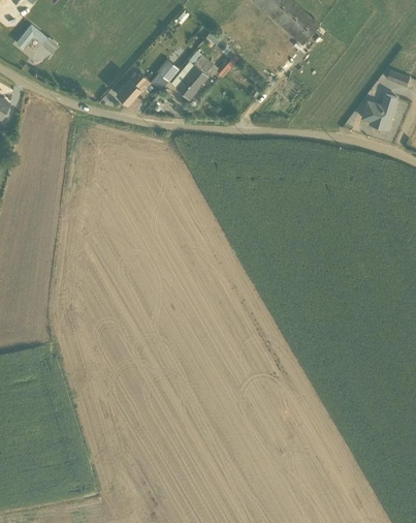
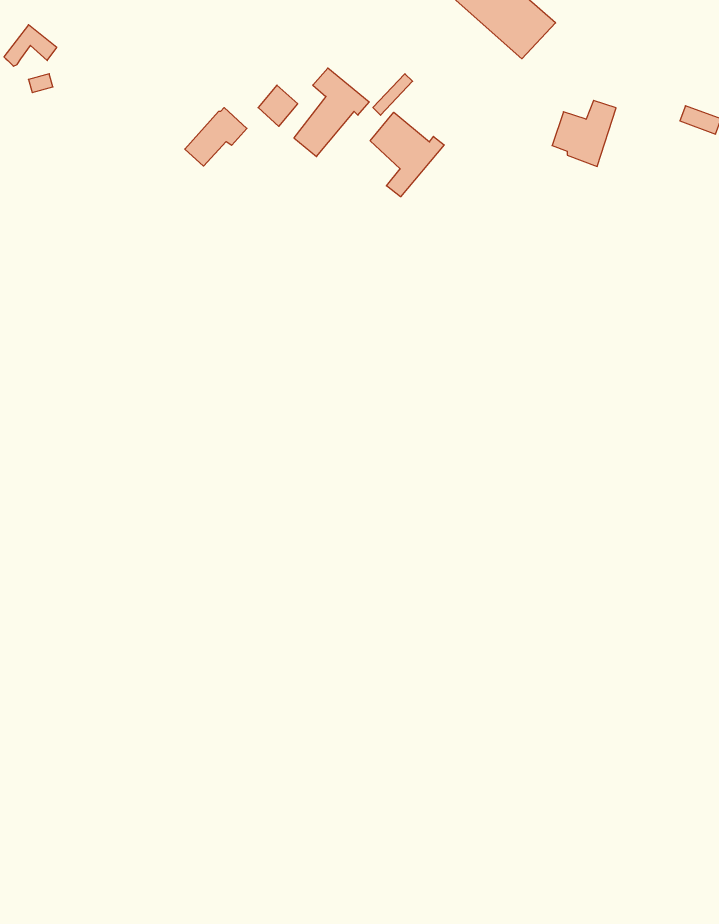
building: none -> [370,112,444,197]
building: [362,94,397,130] -> [552,100,616,166]

